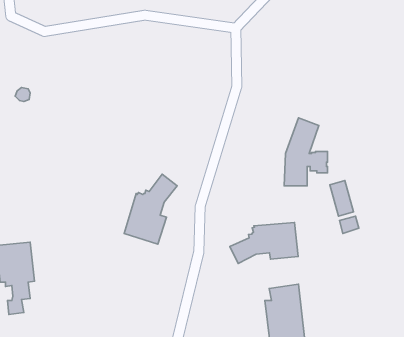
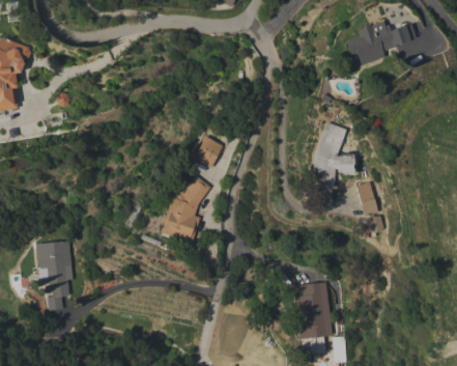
building: none -> [345,21,416,64]
building: none -> [193,136,223,167]
building: [230,223,298,263] -> none

